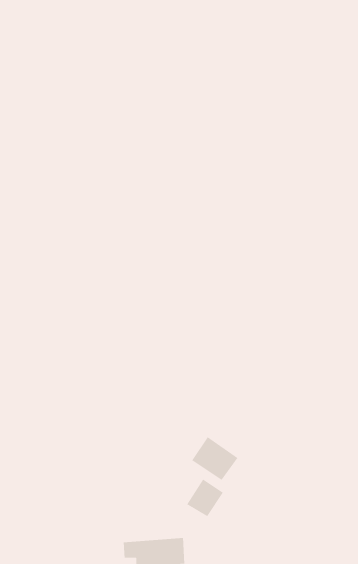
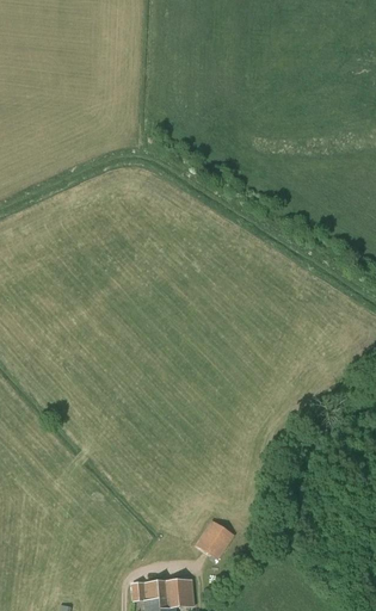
building: [191,436,239,481] -> none

